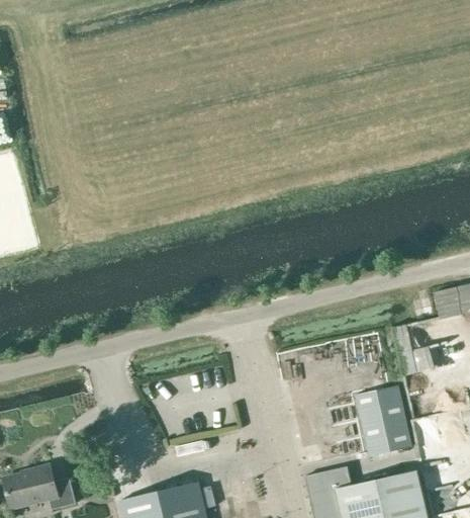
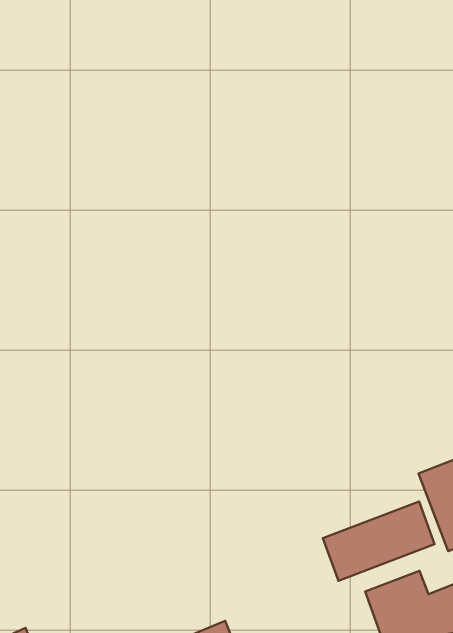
building: none -> [323,502,435,581]

